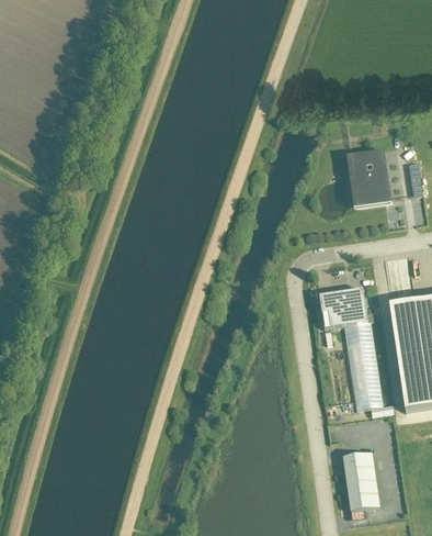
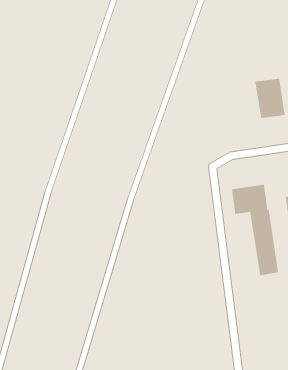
building: [342,447,379,507] -> none

